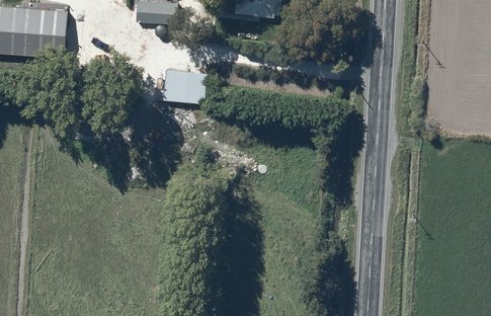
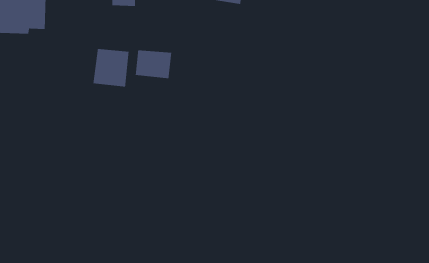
building: none -> [93,48,130,87]

